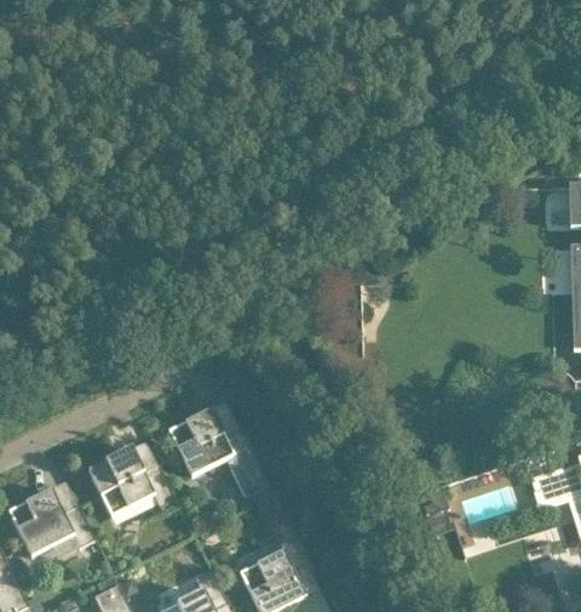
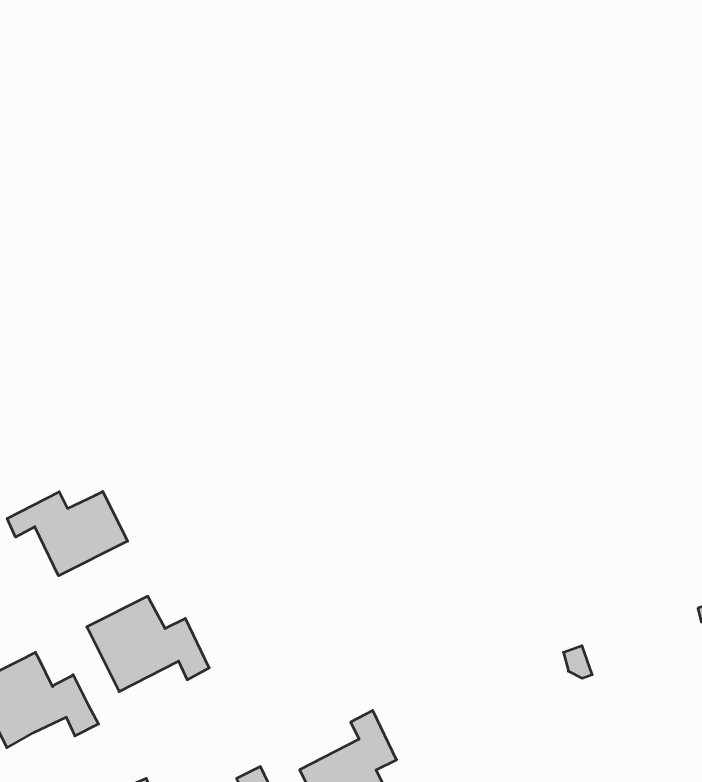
building: none -> [7,491,128,576]
building: [168,407,274,499] -> none

